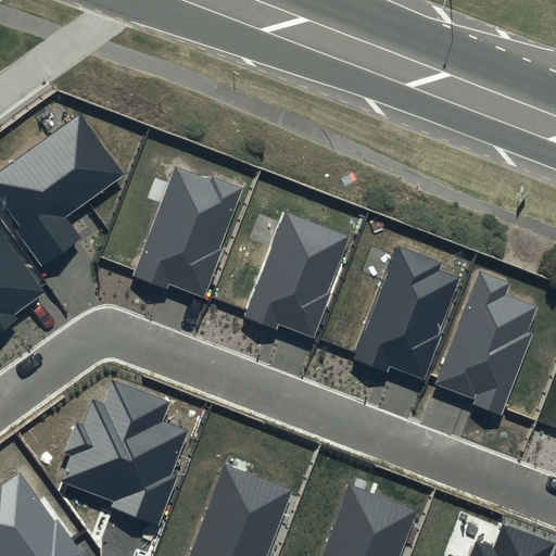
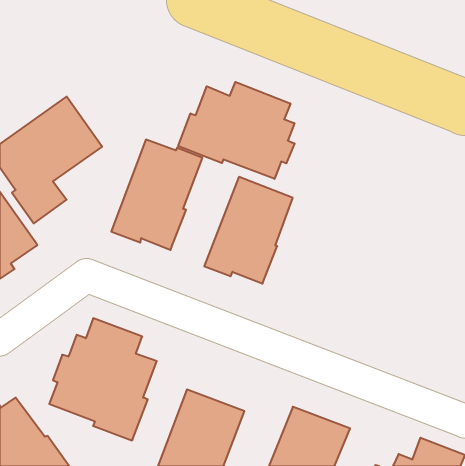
building: none -> [178,82,295,179]
building: [353,244,459,379] -> none
building: [433,271,536,416] -> none

